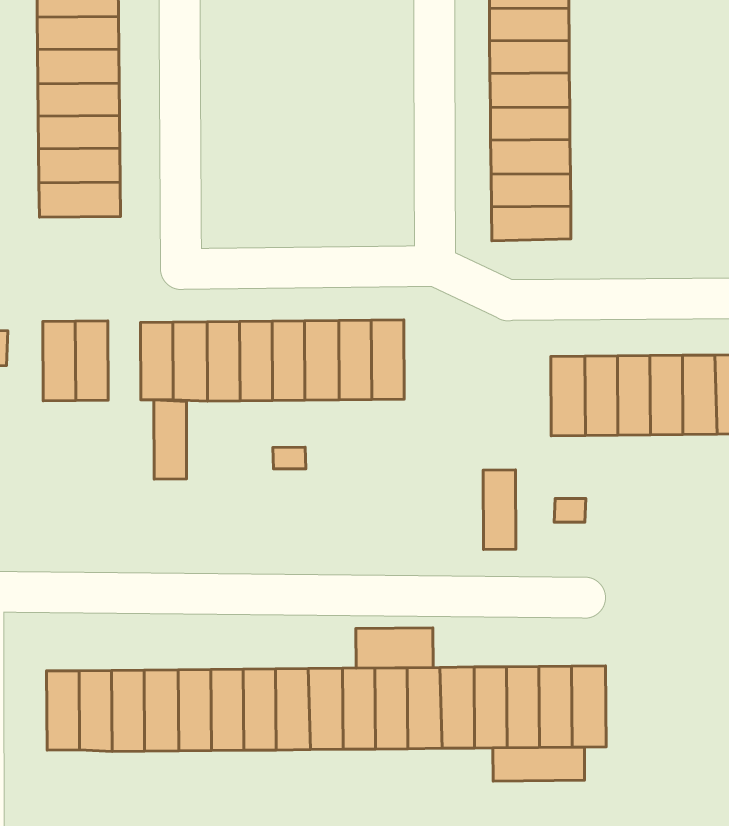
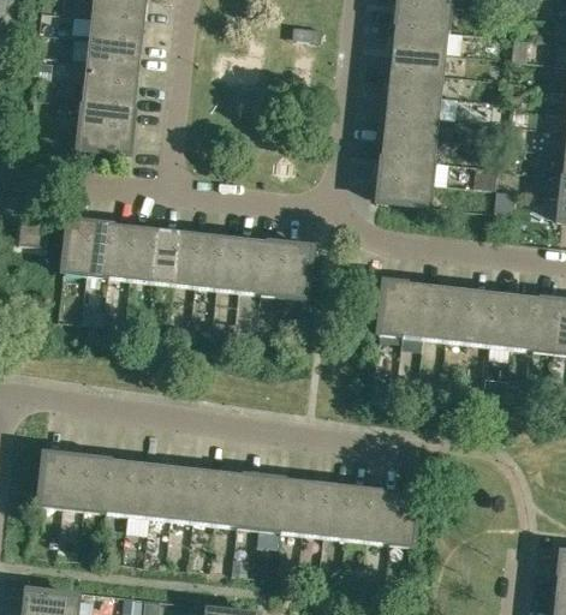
building: [154,400,187,479] -> [107,222,135,277]
building: [483,470,516,549] -> [377,279,405,334]
building: [356,628,433,668] -> none
building: [493,747,585,781] -> none

